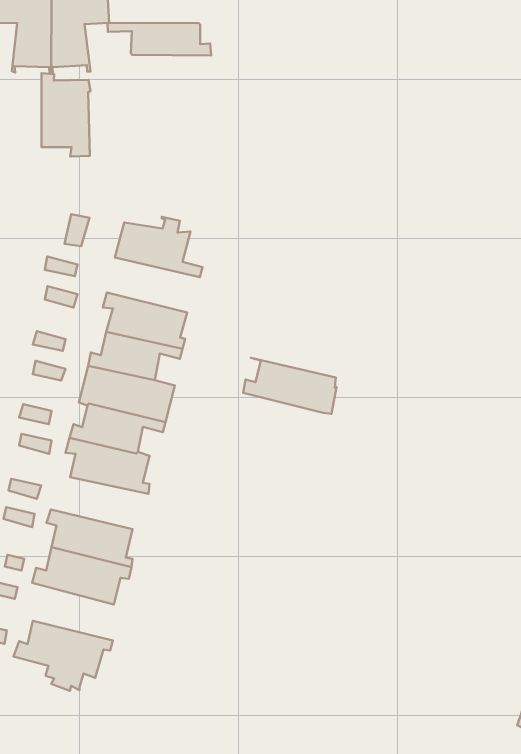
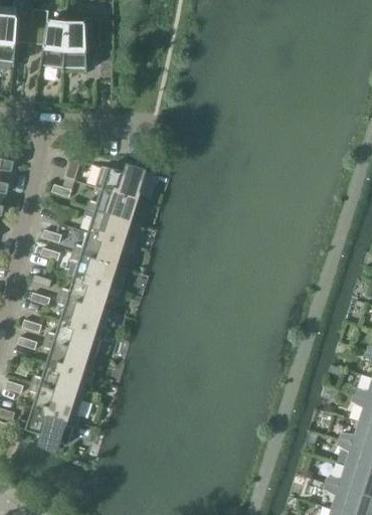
building: [108,23,211,55] -> none
building: [41,73,91,156] -> none
building: [243,358,336,414] -> [88,187,146,224]
building: none -> [46,320,107,354]
building: none -> [30,383,81,421]

